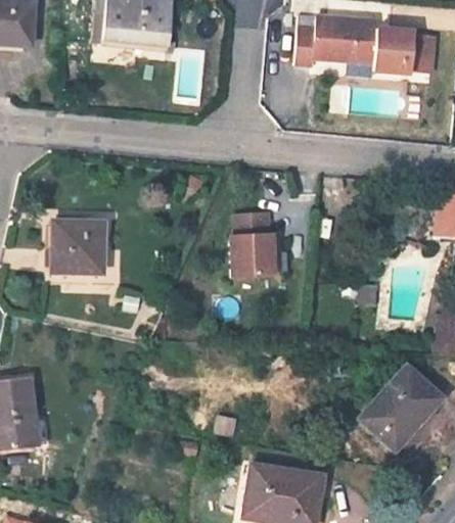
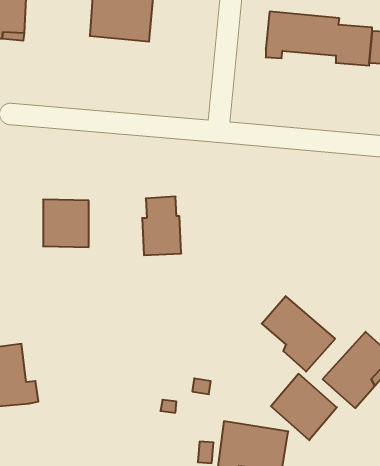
building: [231,213,274,278] -> [142,197,181,255]
building: none -> [262,296,335,372]
building: none -> [271,374,337,440]

